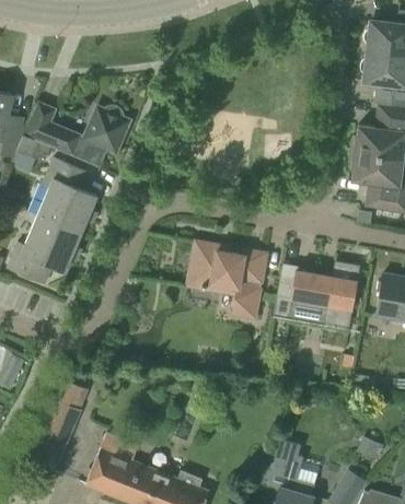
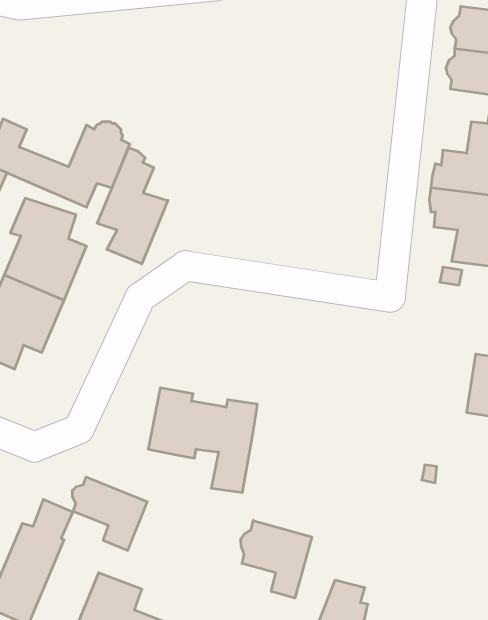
building: none -> [97,147,168,264]
building: [186,242,266,318] -> [148,388,257,493]
building: [273,261,360,328] -> none
building: none -> [72,477,147,550]
building: none -> [241,520,312,598]

